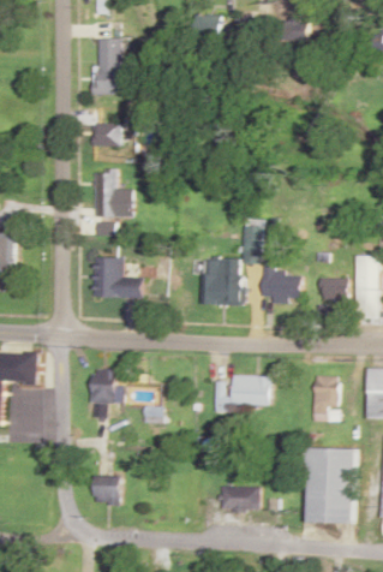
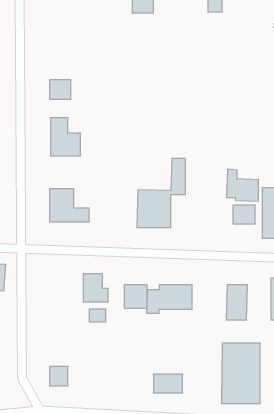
building: [96,38,122,95] -> none
building: [261,262,300,302] -> [226,169,259,201]
building: [91,369,122,404] -> [83,274,108,302]
building: none -> [124,285,147,309]

